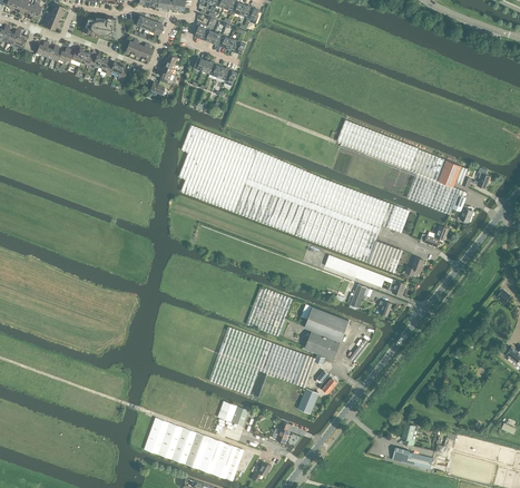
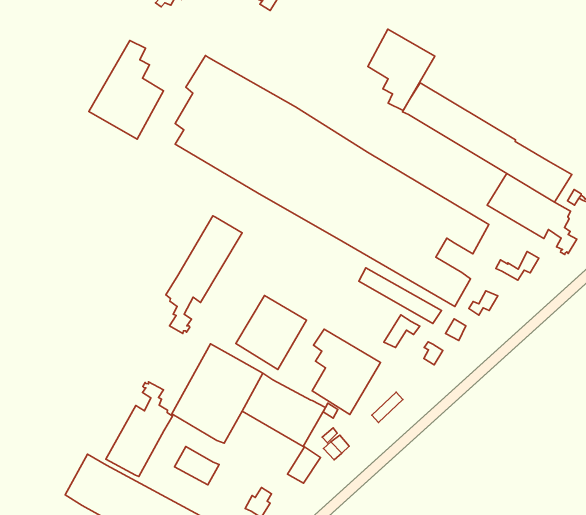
building: none -> [368,29,435,111]
building: none -> [89,41,164,139]
building: none -> [166,216,242,333]
building: none -> [106,382,173,477]

